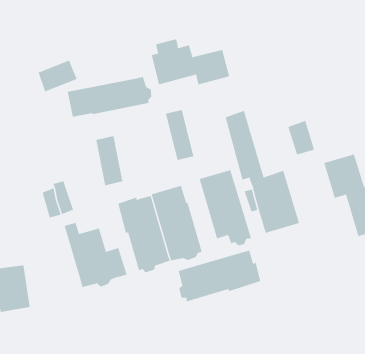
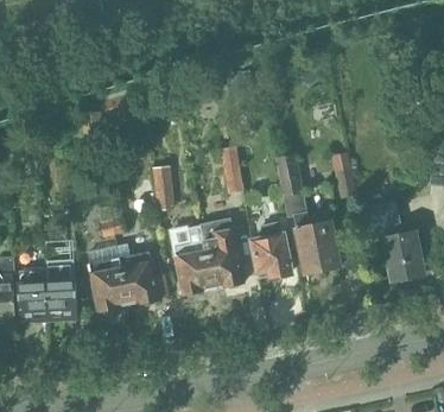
building: [151,38,230,85] -> none
building: [67,76,152,118] -> none
building: none -> [85,246,127,313]
building: [178,249,261,302] -> none

